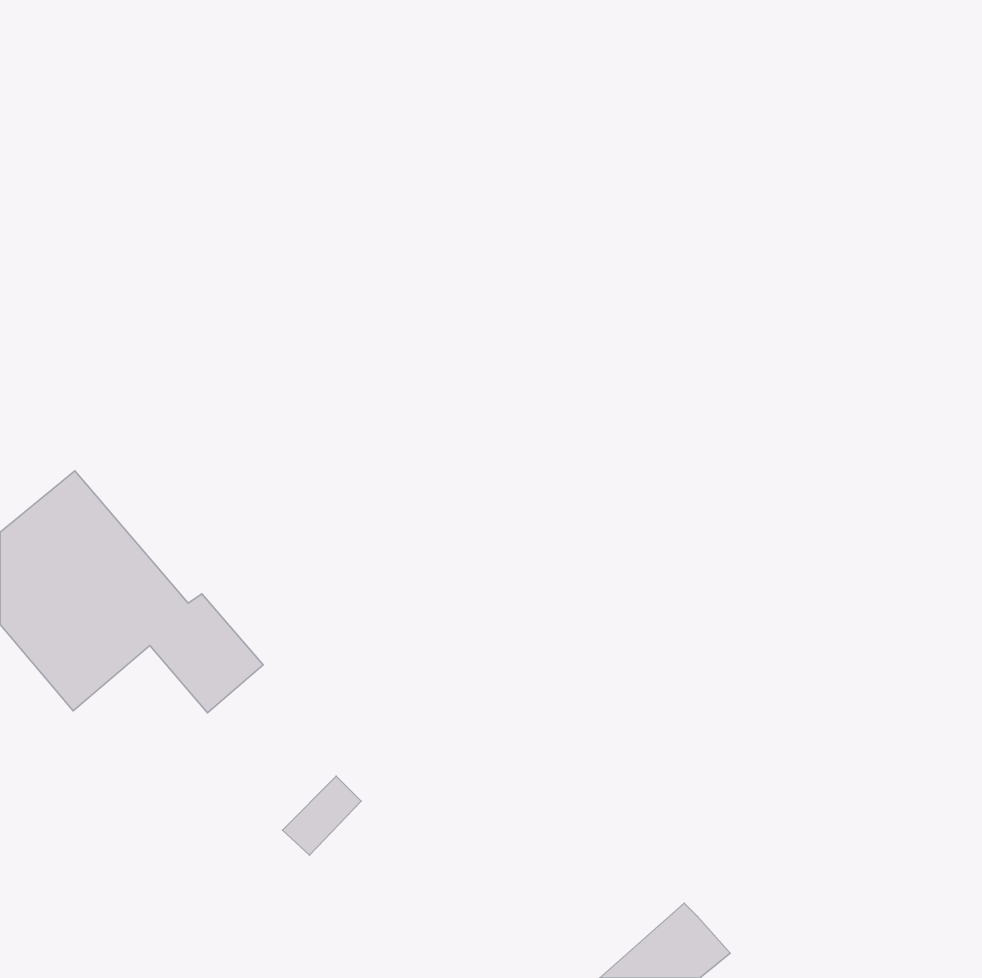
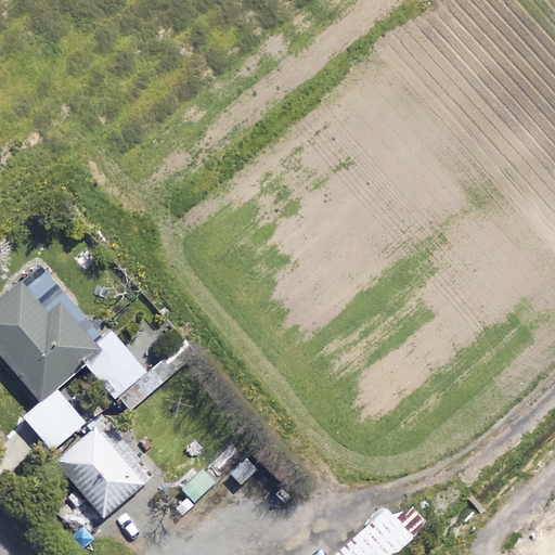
building: none -> [24,390,83,450]
building: none -> [59,433,152,517]

